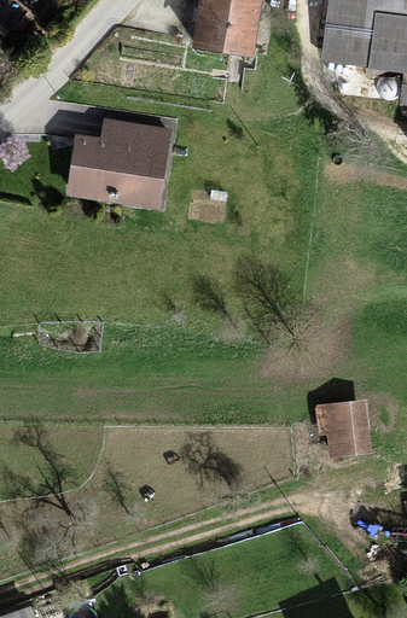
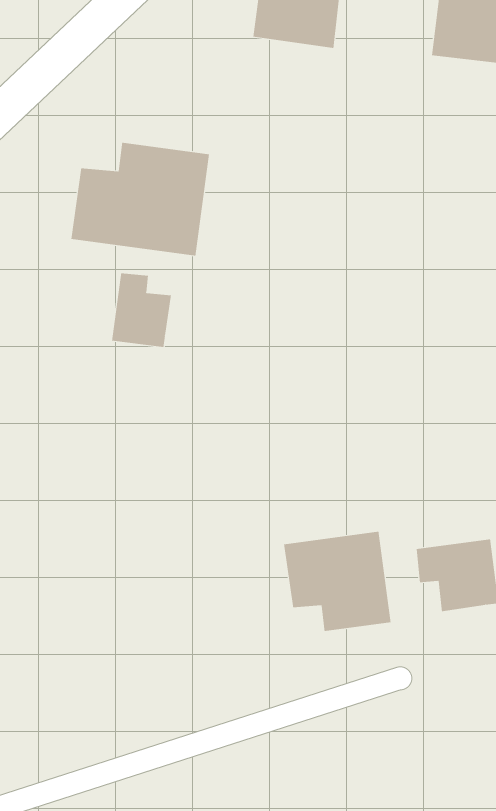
building: none -> [112,273,172,348]
building: none -> [283,531,391,632]

